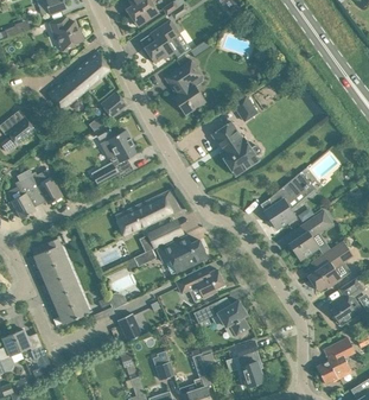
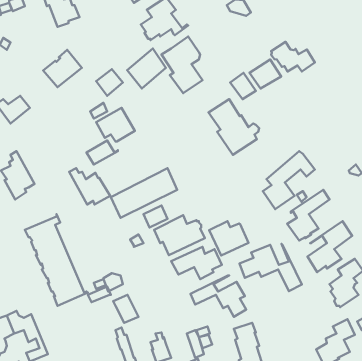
building: [71,51,109,90] -> [127,49,166,88]
building: none -> [271,42,315,72]
building: [21,169,62,204] -> [69,168,110,204]
building: none -> [209,221,248,255]
building: none -> [240,244,302,291]

